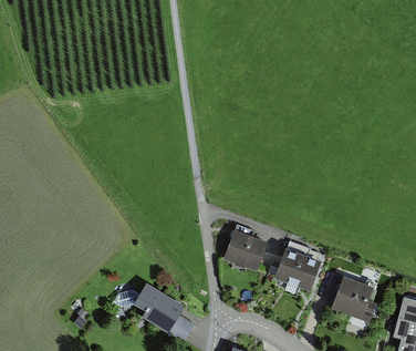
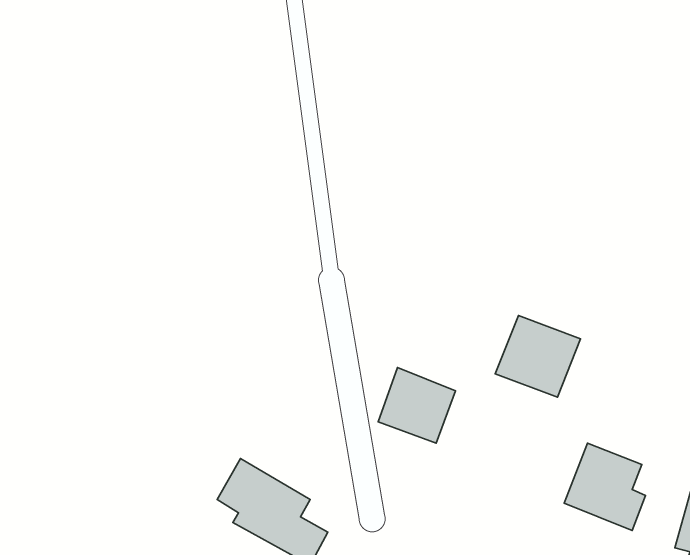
building: [274,247,323,293] -> [495,316,581,397]

